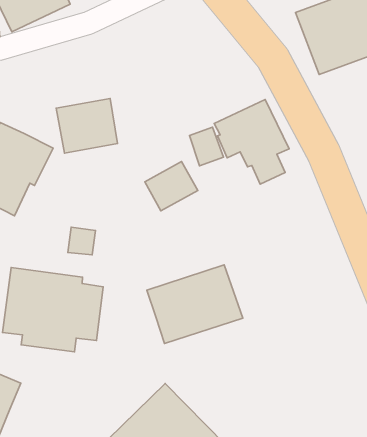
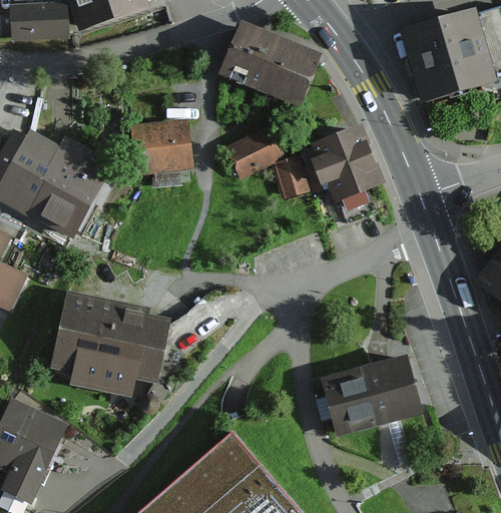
building: none -> [221,23,320,107]
building: [145,161,198,211] -> [225,123,284,176]
building: [68,227,96,255] -> none
building: [147,265,243,344] -> [318,353,422,436]

